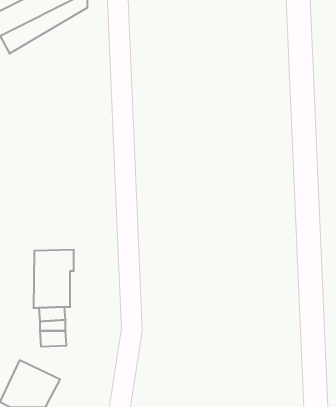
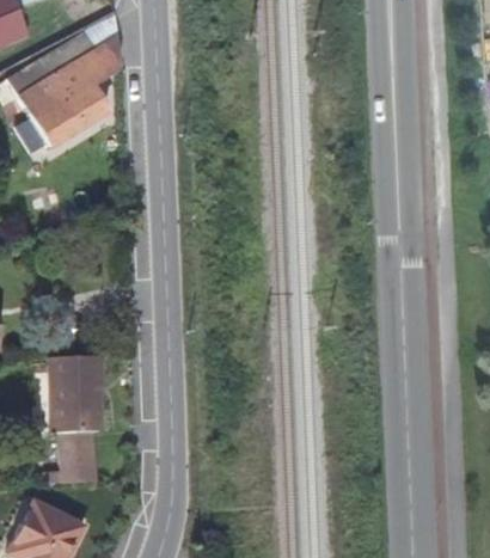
building: none -> [16,38,122,154]

